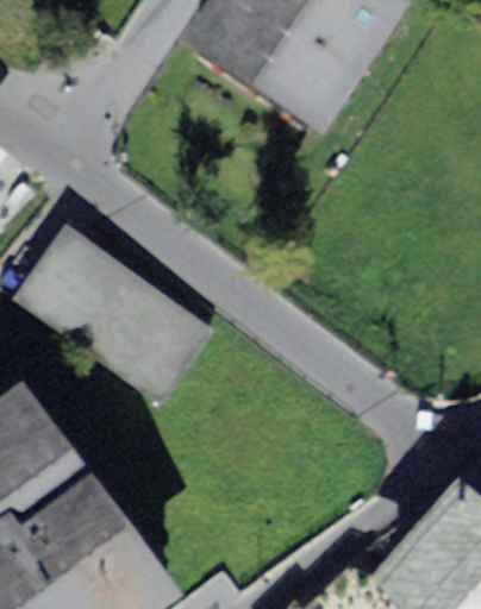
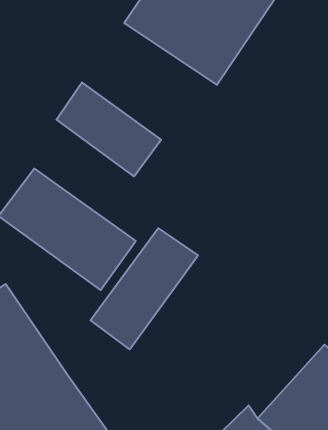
building: none -> [56,82,161,176]
building: none -> [90,228,198,349]

